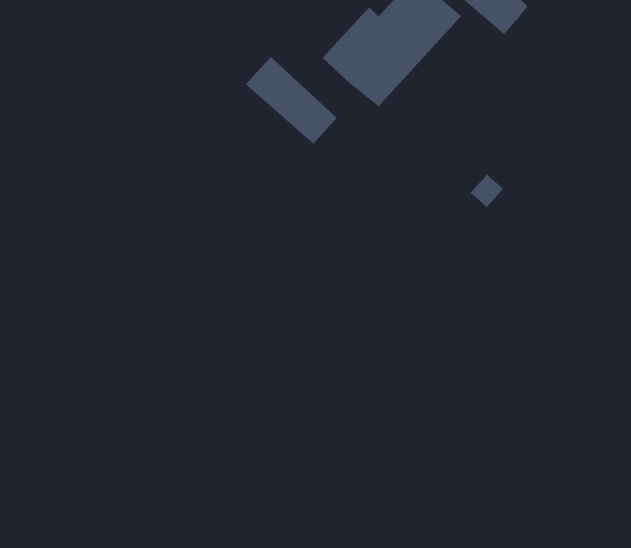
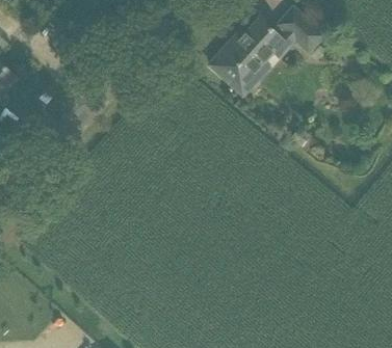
building: [245,56,338,145] -> none

